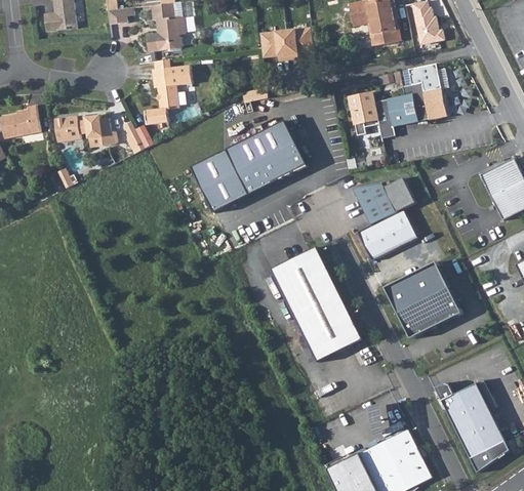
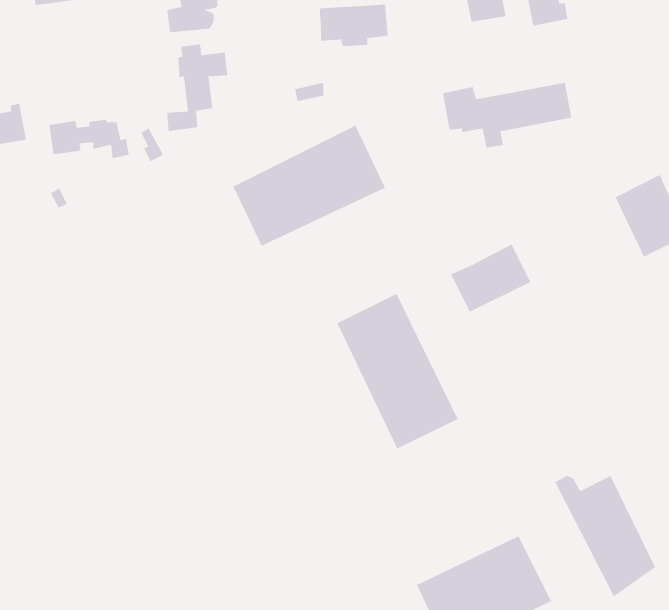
building: [399,63,442,95] -> none
building: [354,177,414,226] -> none
building: [384,261,461,338] -> none

